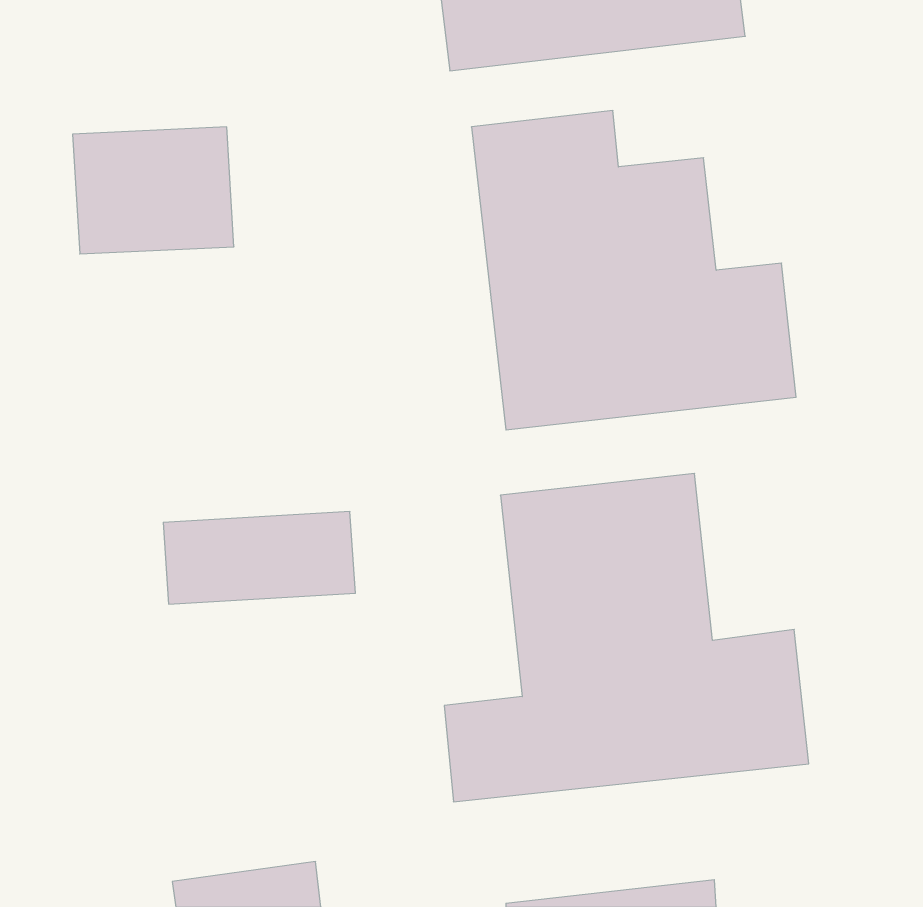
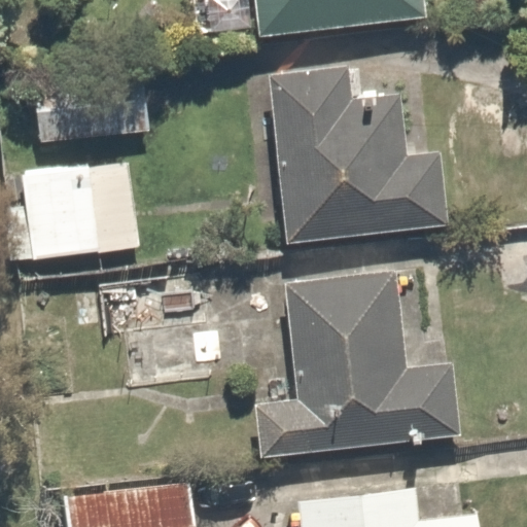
building: none -> [26,166,128,272]

